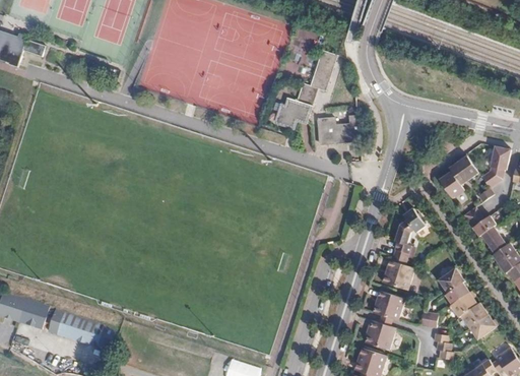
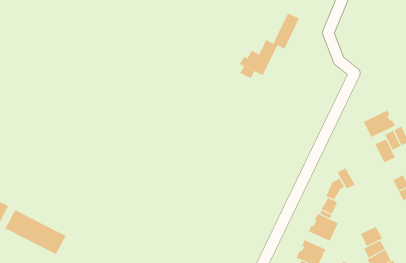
building: [317,114,360,142] -> none
building: none -> [363,110,395,138]

